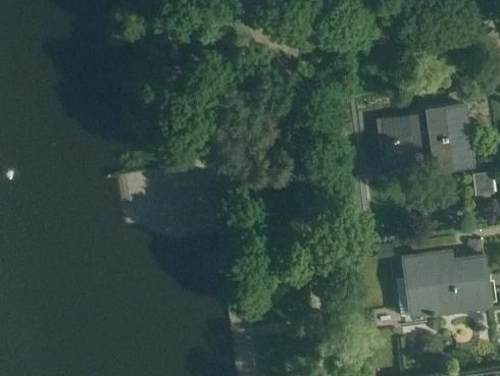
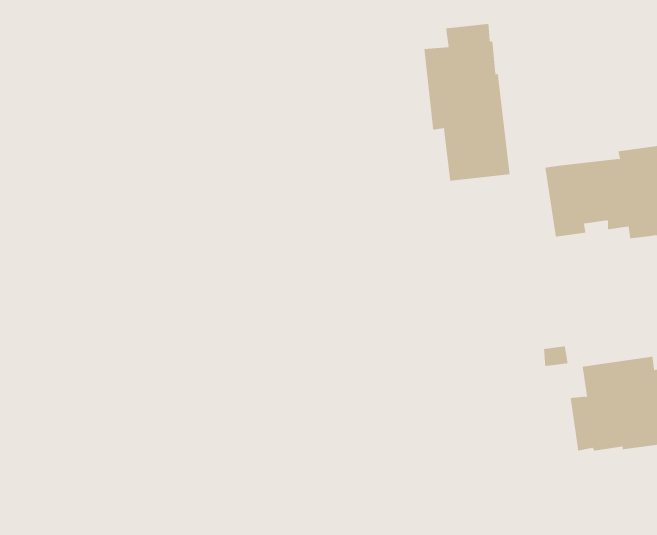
building: none -> [424,23,510,181]

